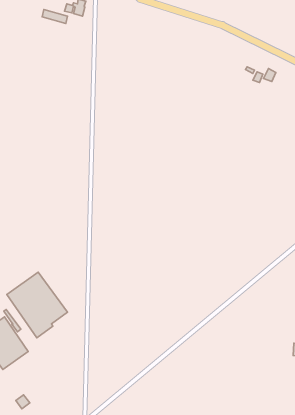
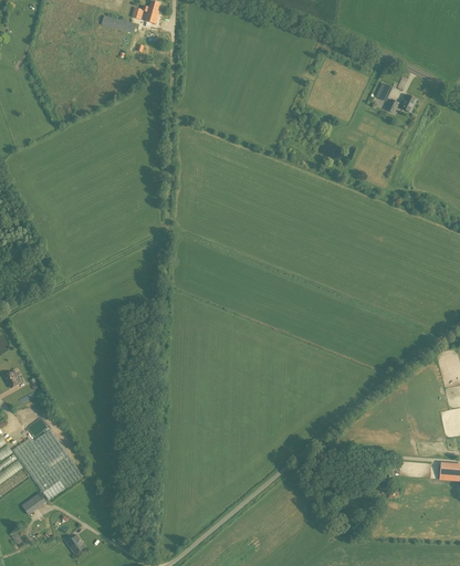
building: [7,272,67,338] -> none

